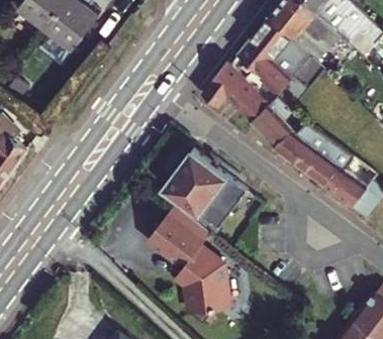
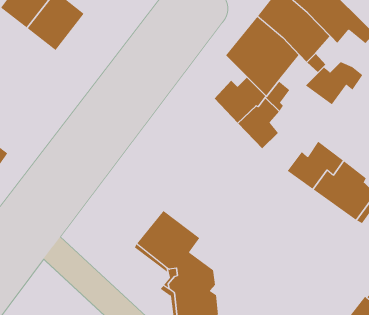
building: [200,55,258,107] -> none
building: [271,126,327,168] -> [305,62,363,105]
building: [162,151,246,231] -> none

